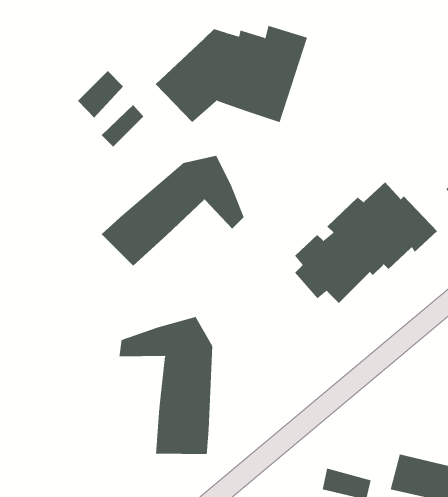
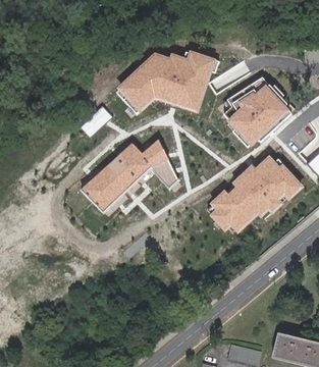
building: none -> [222,76,294,147]
building: [77,70,124,119] -> none
building: [119,316,213,455] -> none

